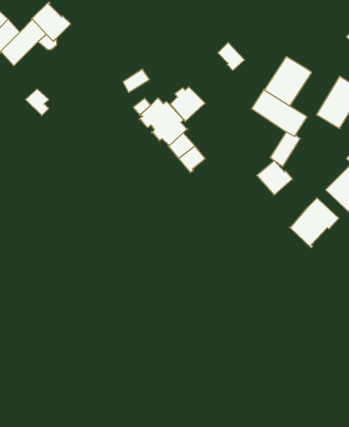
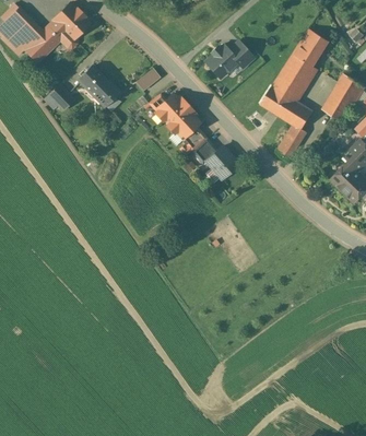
building: none -> [293,30,328,67]
building: none -> [78,67,119,107]
building: [170,87,205,122] -> [205,46,238,79]
building: [257,160,293,195] -> [204,146,238,179]
building: [289,198,339,248] -> none

